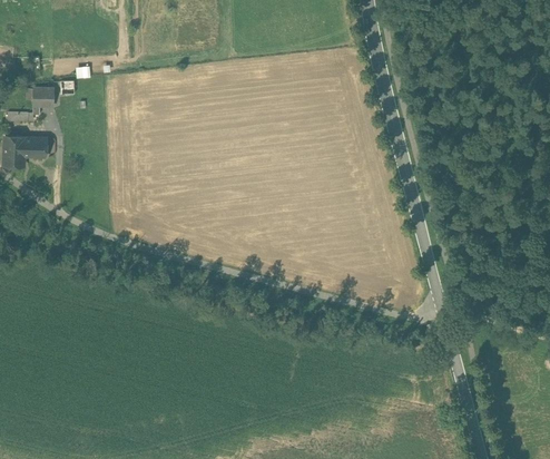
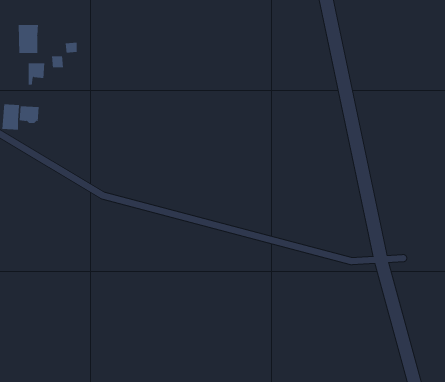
building: none -> [18,24,38,54]

